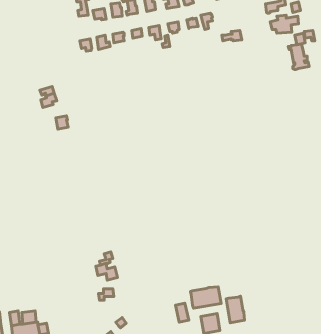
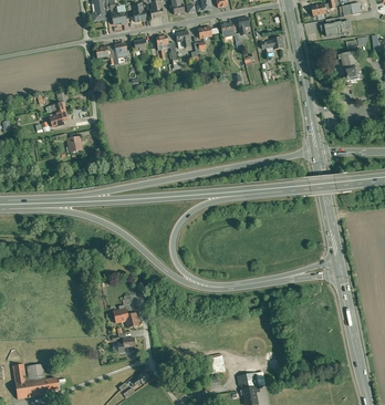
building: [190,287,221,308] -> none
building: [226,296,244,323] -> none

